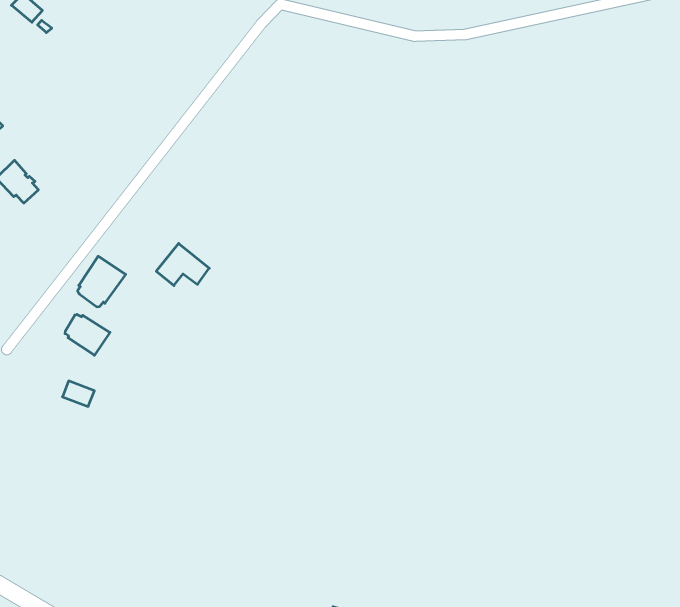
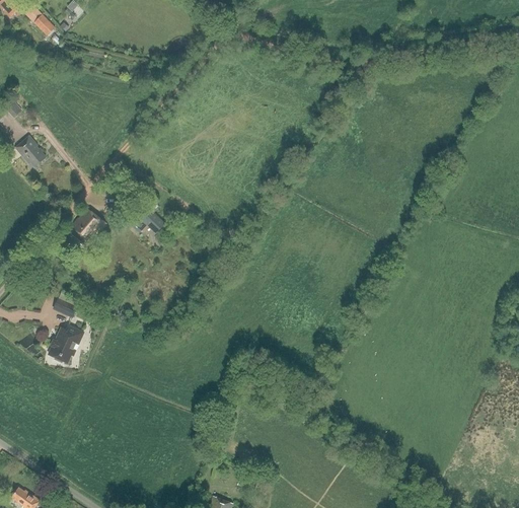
building: [65,314,110,355] -> none
building: none -> [48,324,83,363]

